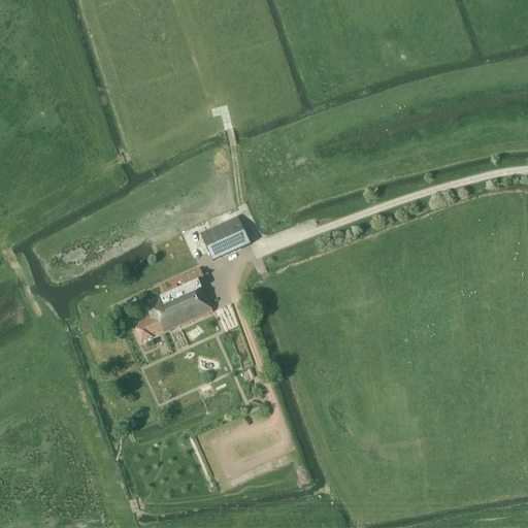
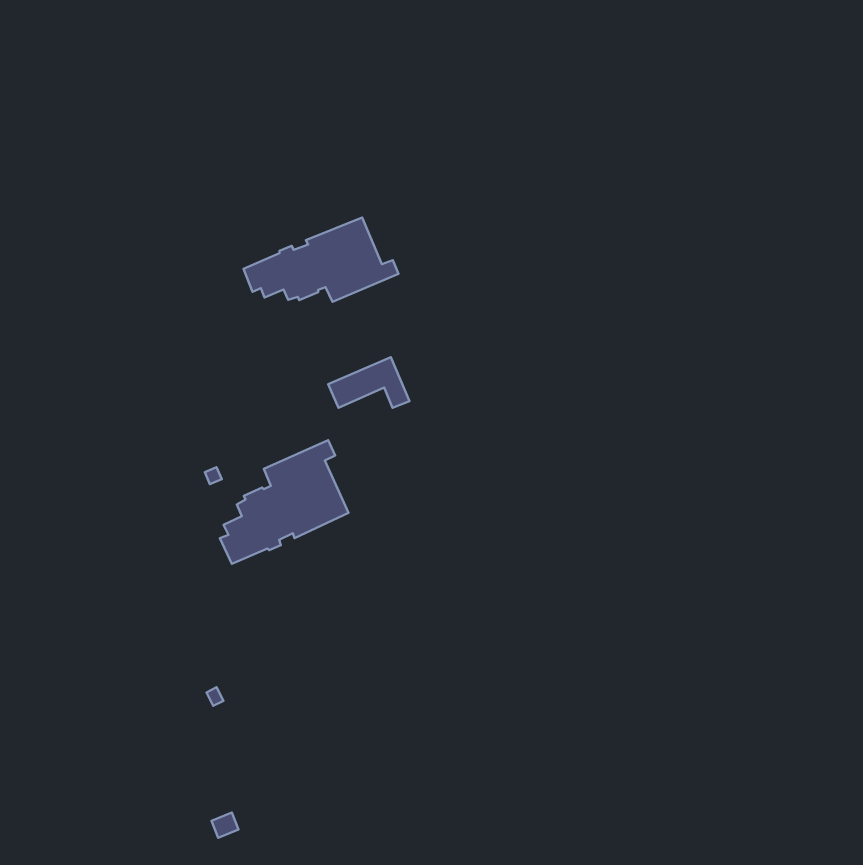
building: none -> [243,217,398,302]

